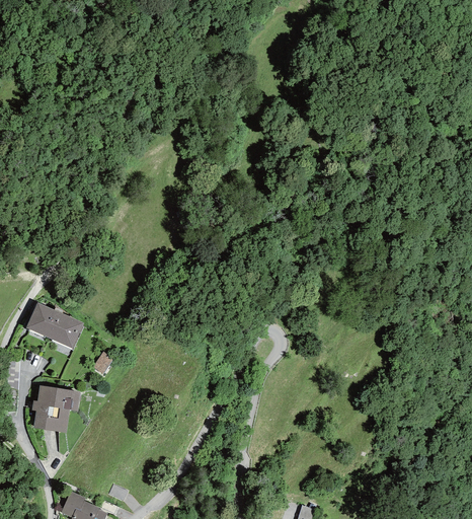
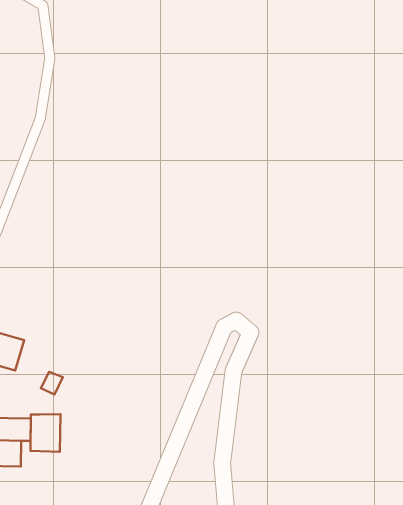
building: none -> [30,414,61,452]

